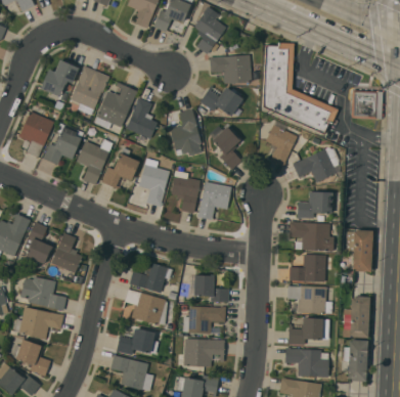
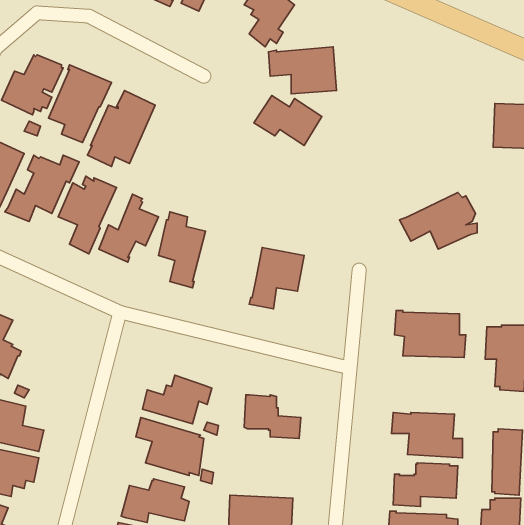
building: [262,43,338,134] -> none
building: [126,97,157,138] -> none
building: [170,108,202,156] -> none
building: [264,121,297,166] -> none
building: [212,127,241,170] -> none
building: [171,172,201,213] -> none
building: [297,191,331,218] -> none
building: [51,232,82,273] -> none
building: [288,254,325,281] -> none
building: [183,306,225,334] -> none

